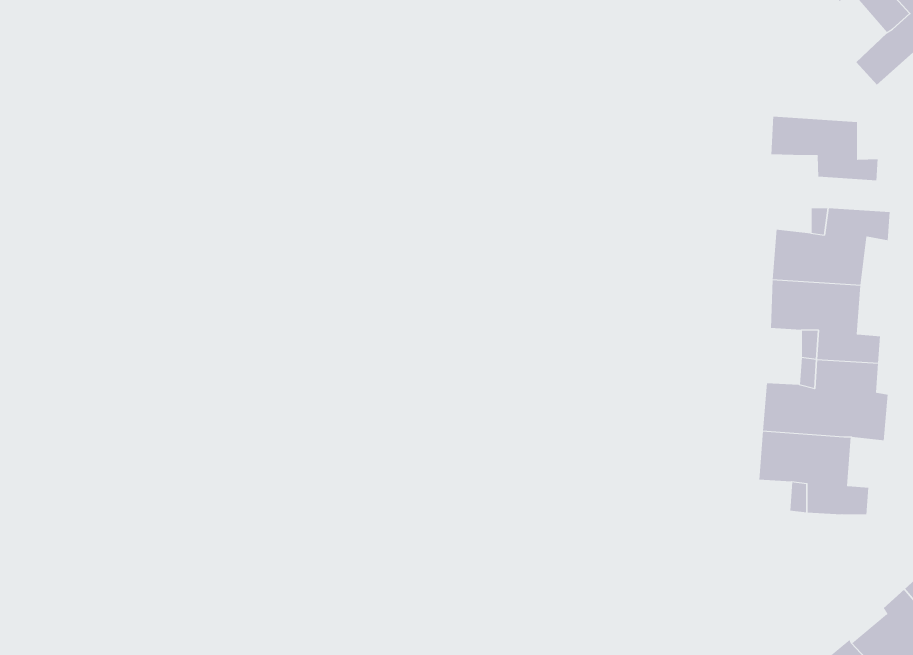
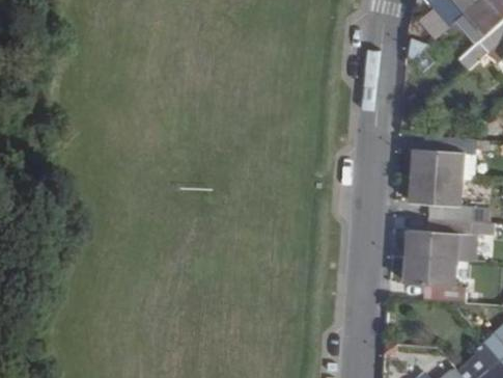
building: [771,116,878,181] -> none

